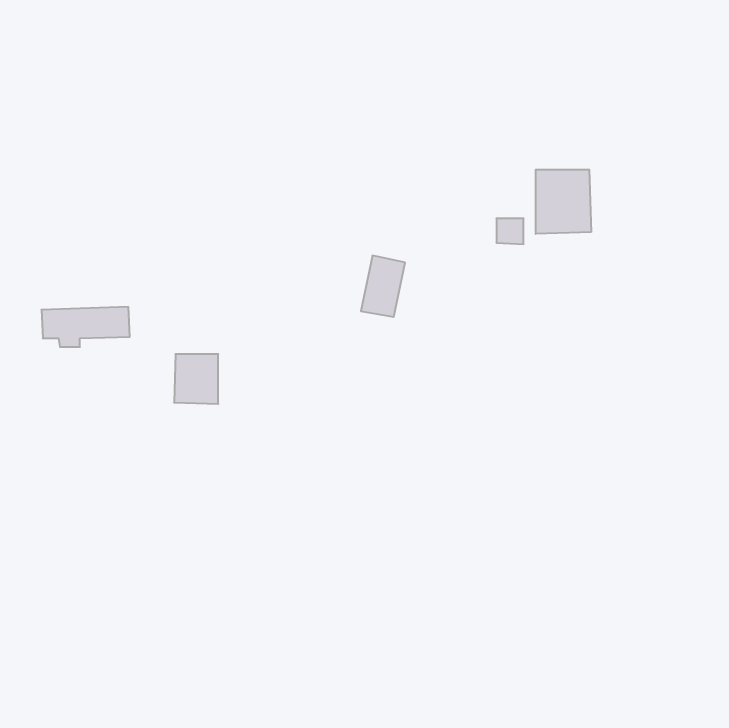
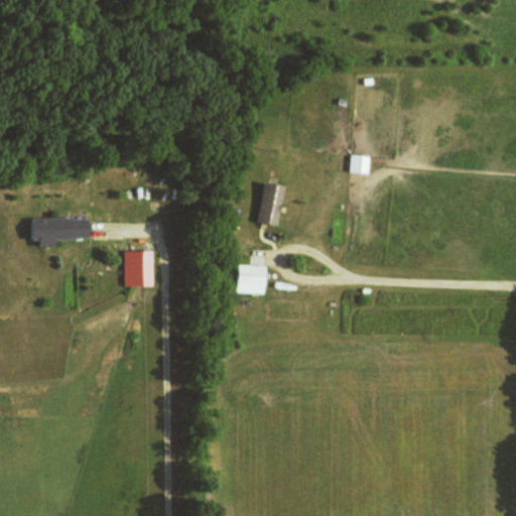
building: [536,170,591,234] -> none
building: none -> [237,265,267,294]

